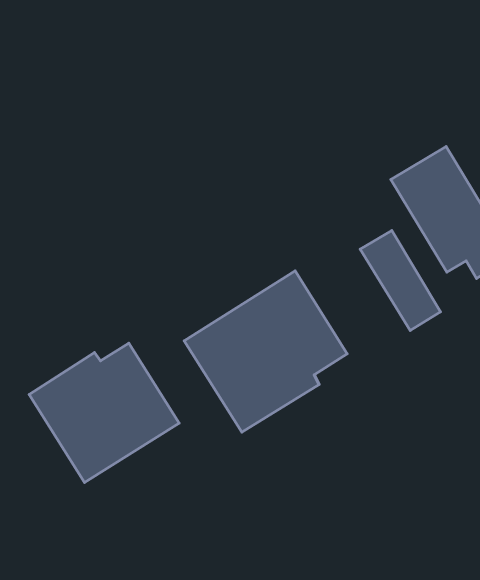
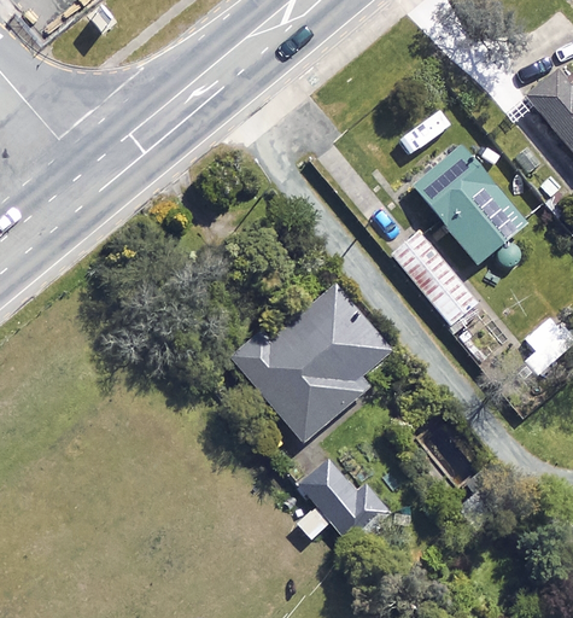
building: [29,343,179,482] -> none
building: none -> [297,457,392,544]

